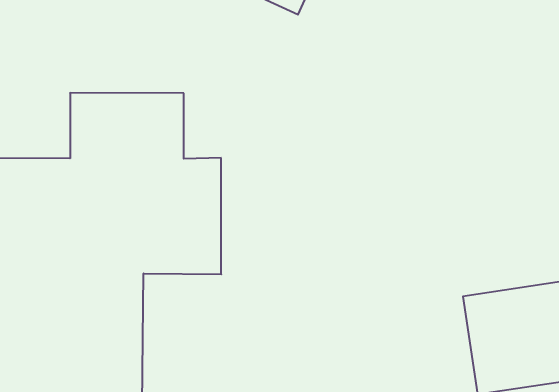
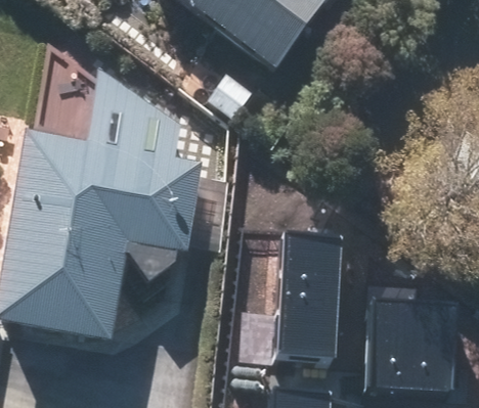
building: none -> [262,239,334,358]

